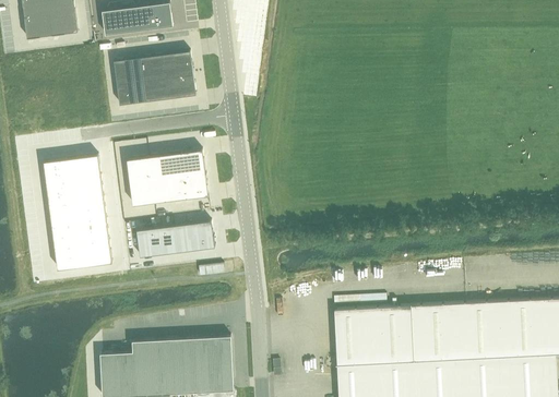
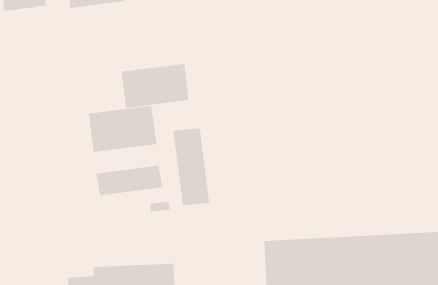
building: [114,52,194,106] -> [121,63,189,109]
building: [43,155,112,270] -> none
building: none -> [173,128,210,206]

